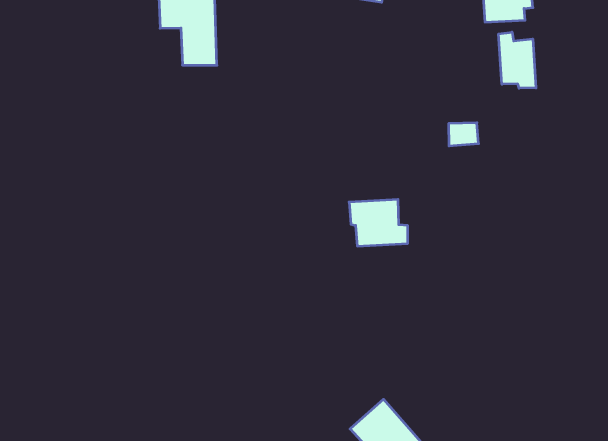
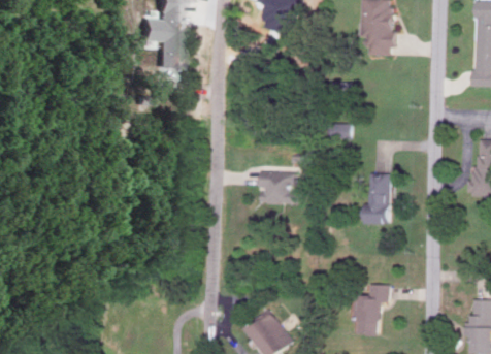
building: [499,32,536,88] -> none
building: none -> [368,173,391,224]
building: none -> [357,284,389,334]

